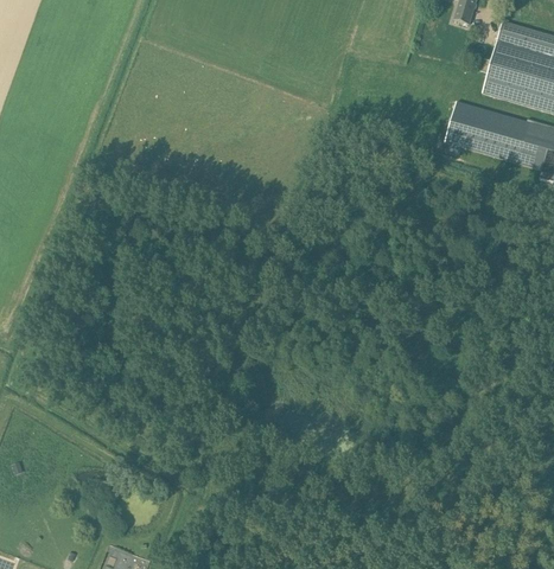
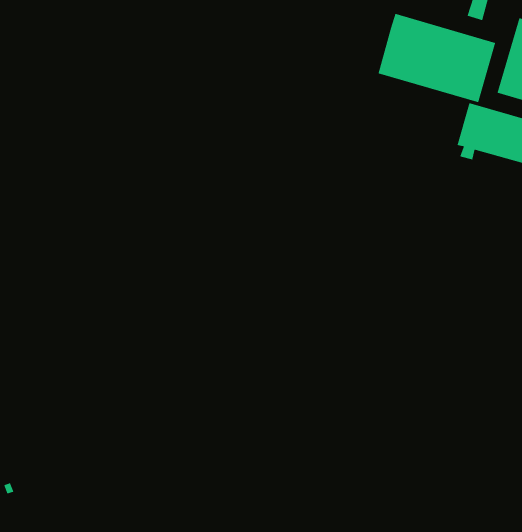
building: none -> [377,13,496,103]

